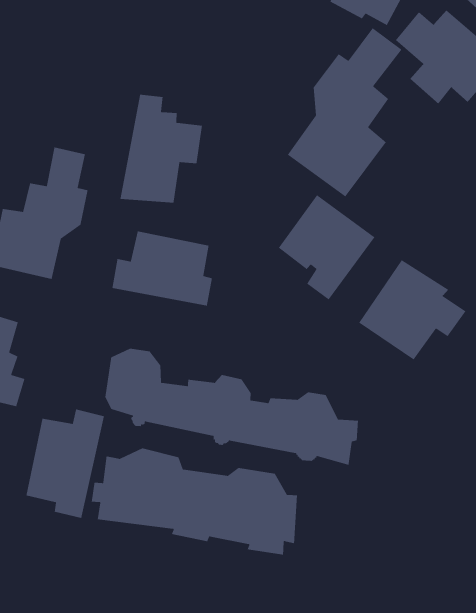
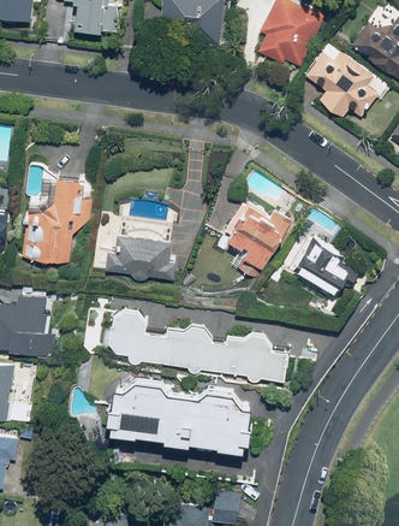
building: [287,27,403,197] -> none
building: [120,94,203,203] -> none
building: [25,409,105,519] -> none

